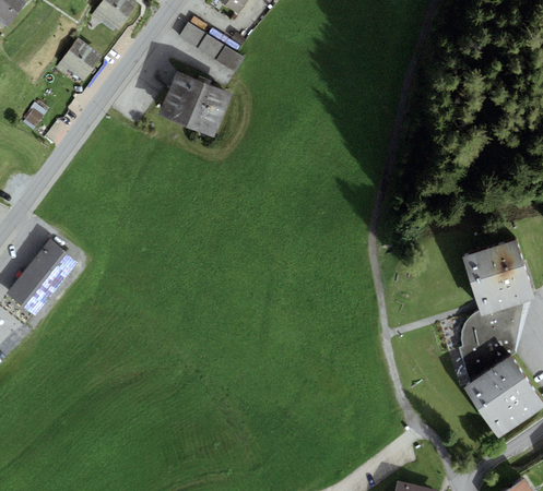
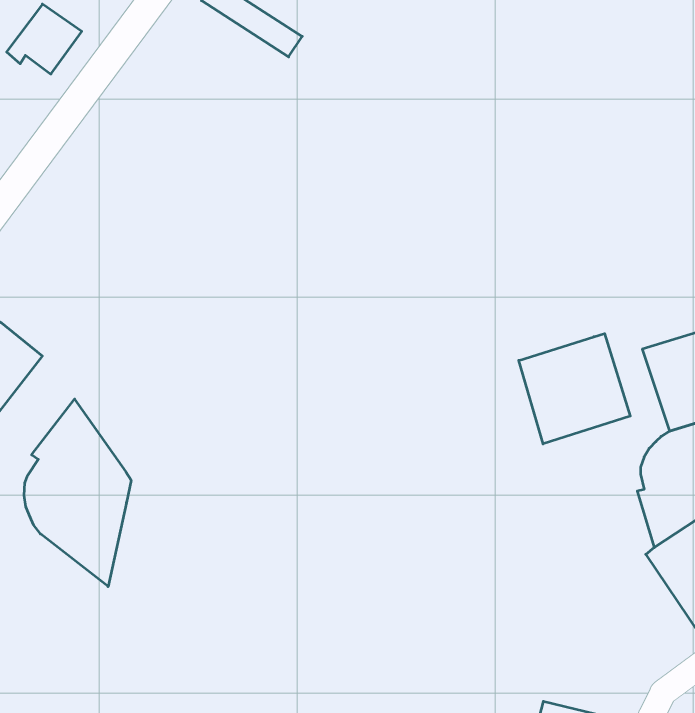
building: [160,71,232,137] -> none
building: none -> [519,334,630,444]
building: none -> [24,399,131,587]

